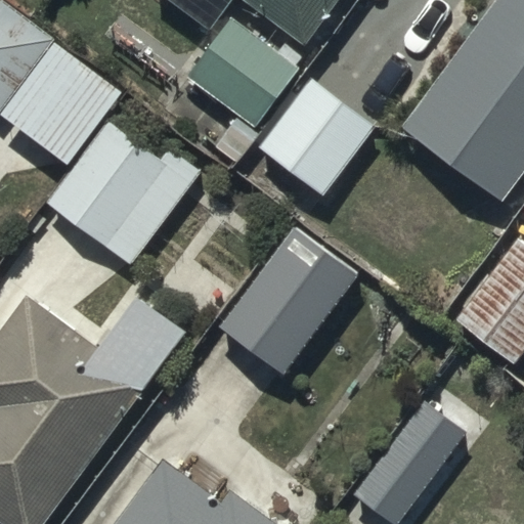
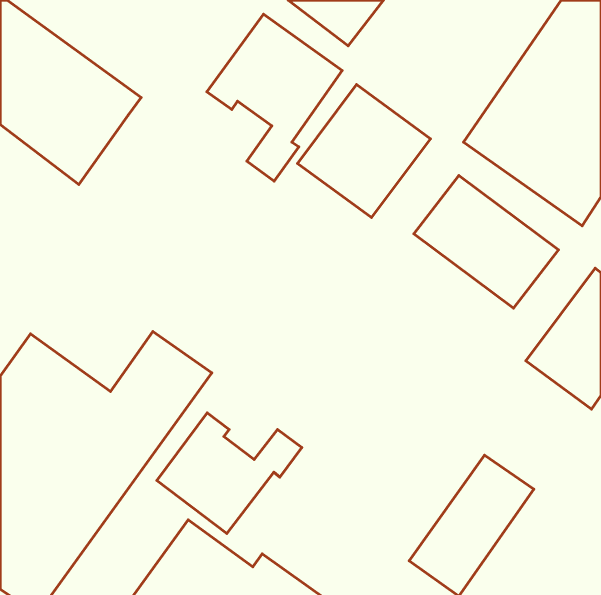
building: [47,120,204,267] -> none
building: none -> [414,176,558,308]
building: [220,224,359,373] -> none
building: none -> [157,413,302,533]

